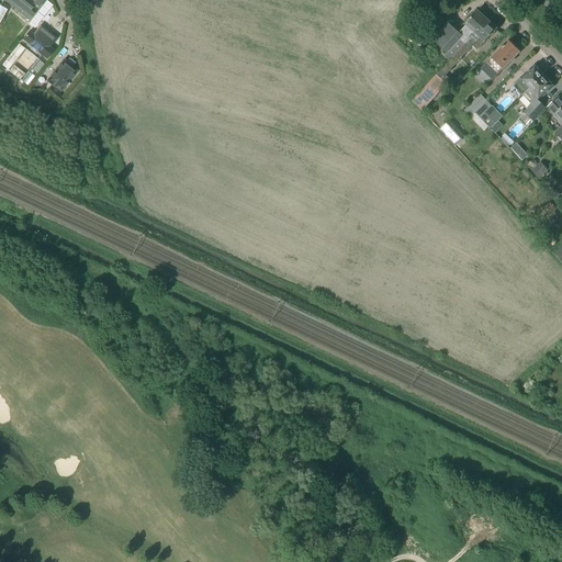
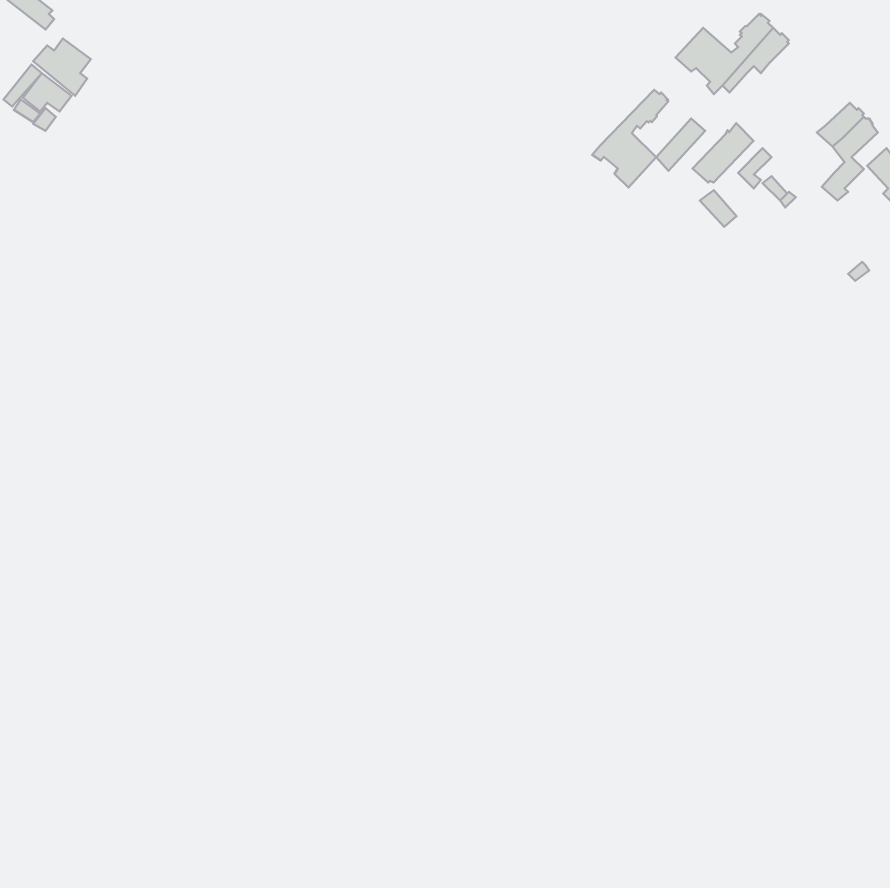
building: [482,38,520,76] -> [693,123,754,183]
building: none -> [592,90,668,187]
building: [47,58,77,88] -> none

